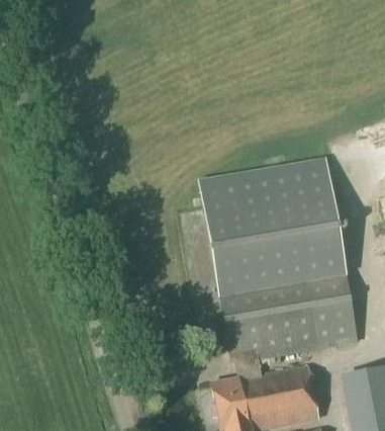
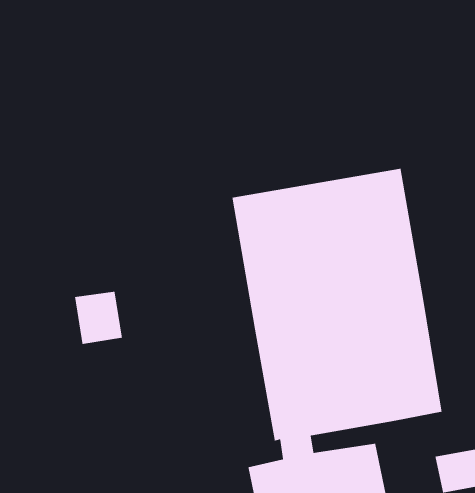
building: none -> [74,291,123,345]

